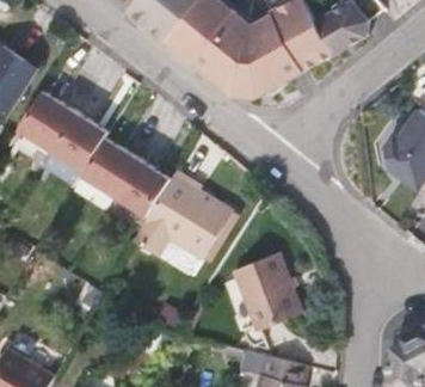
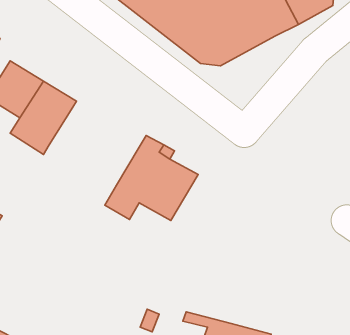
building: [80,136,171,215] -> none
building: [234,253,303,331] -> none

